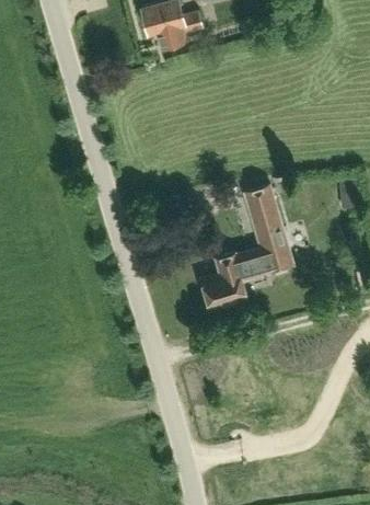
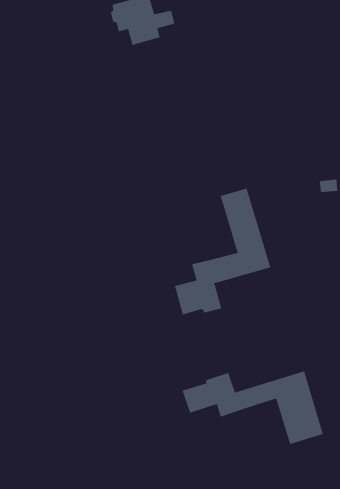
building: none -> [182,371,324,445]

